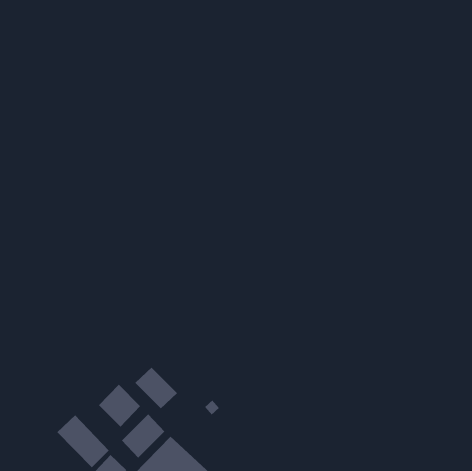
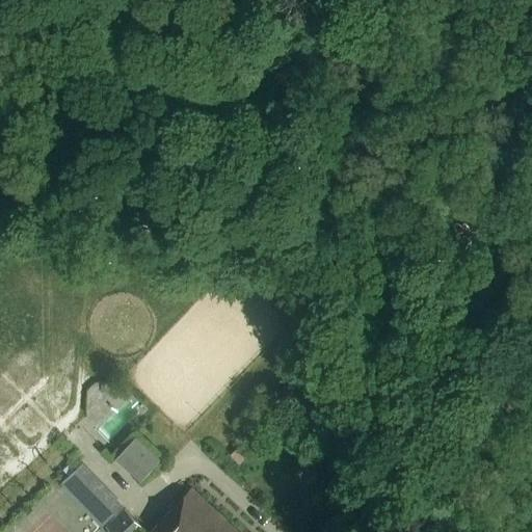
building: [134,367,178,409] -> none
building: [121,413,165,458] -> none

